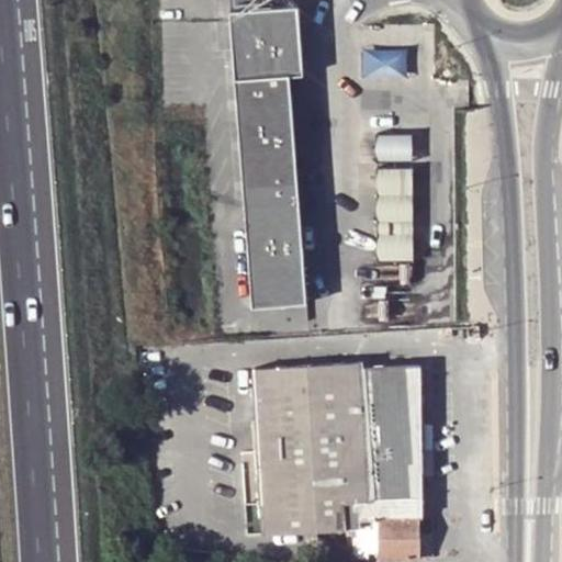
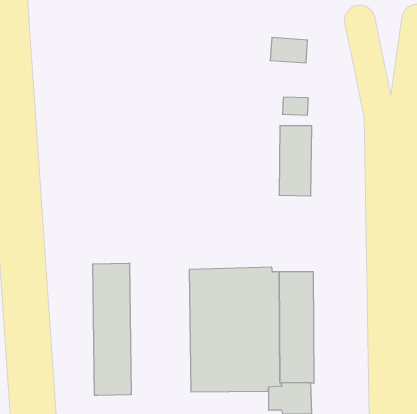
building: [228,10,307,312] -> none
building: none -> [93,263,131,395]

